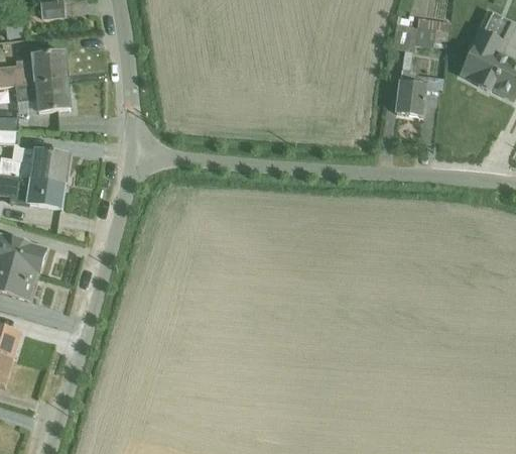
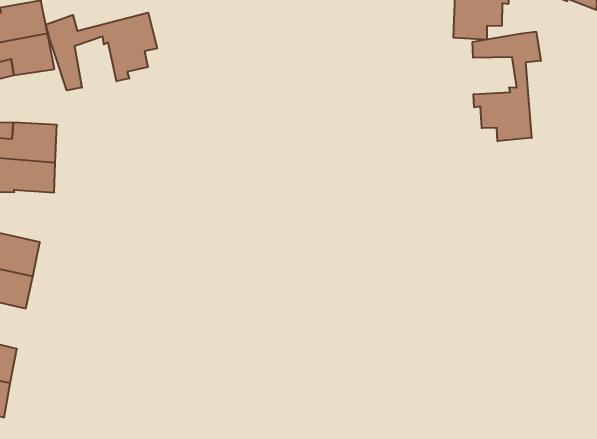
building: none -> [46,13,157,90]
building: none -> [473,32,541,141]

